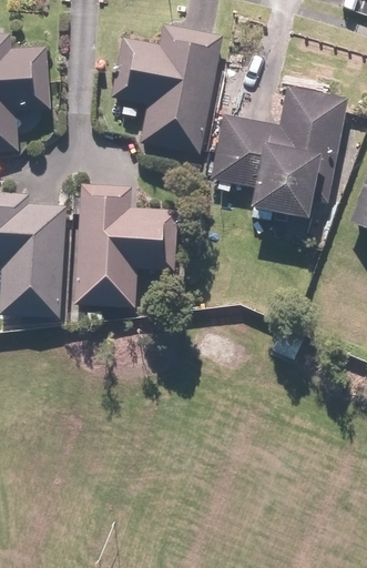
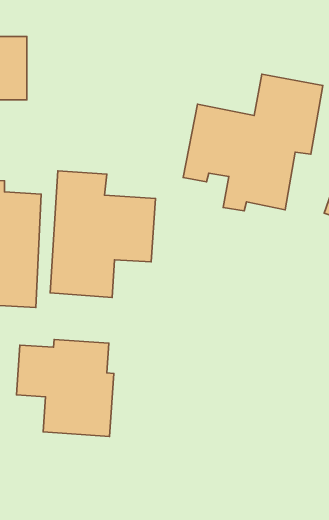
building: [109,27,221,158] -> none
building: none -> [17,339,114,436]

